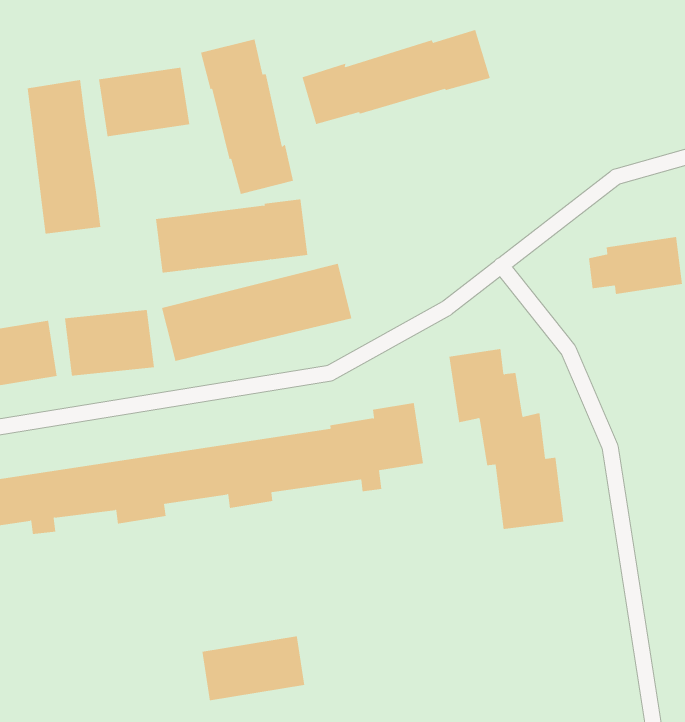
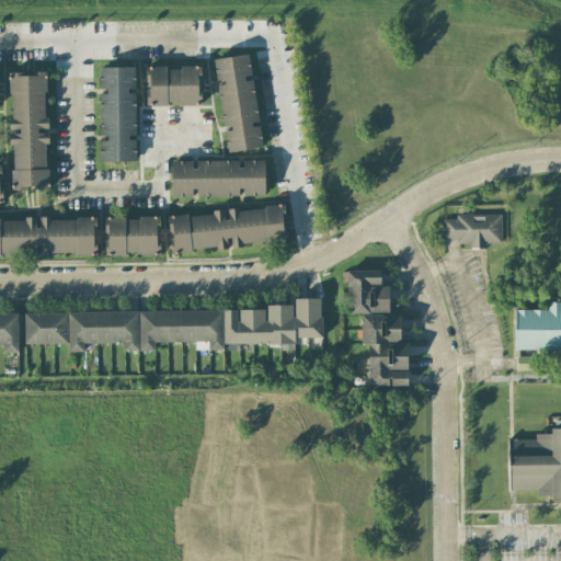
building: [302,29,491,125] -> none
building: [202,635,305,701] -> none

